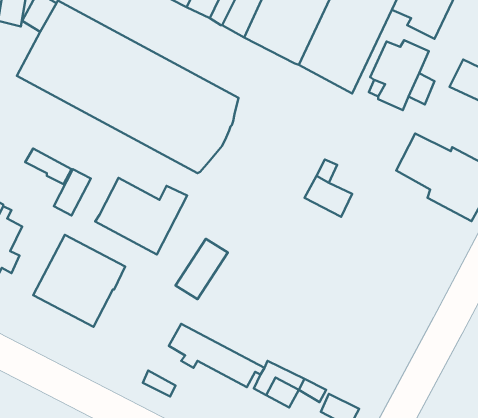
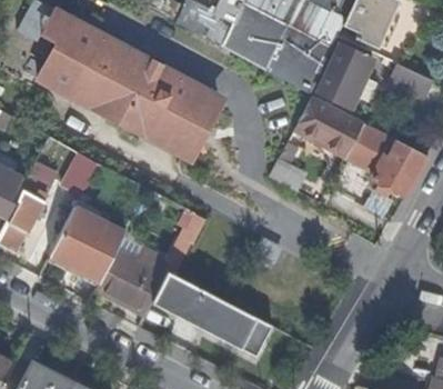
building: none -> [295,99,360,154]
building: [95,178,187,255] -> [95,251,170,313]

